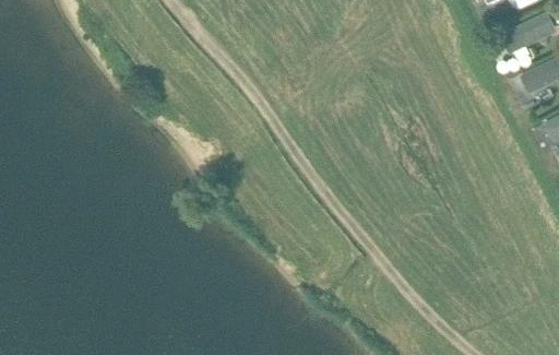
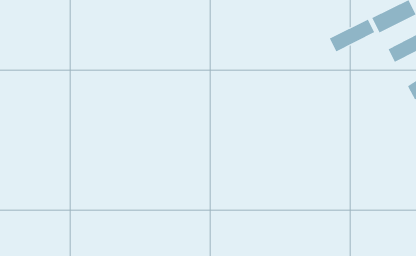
building: none -> [329,19,375,52]

